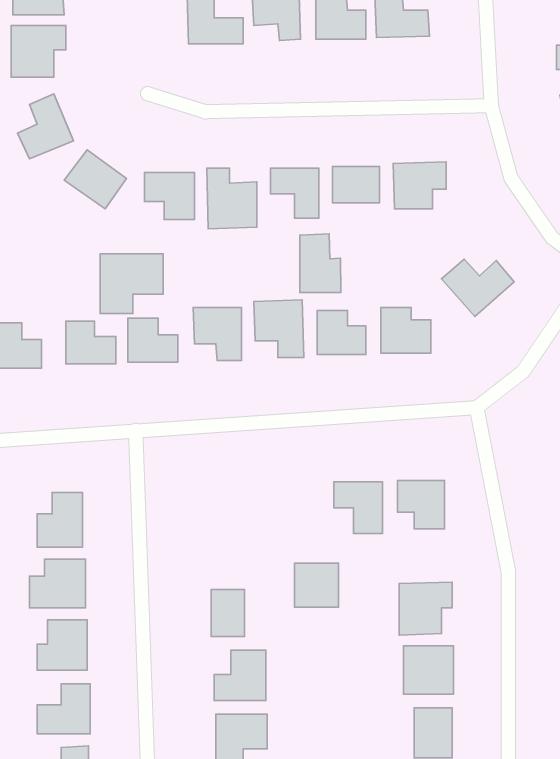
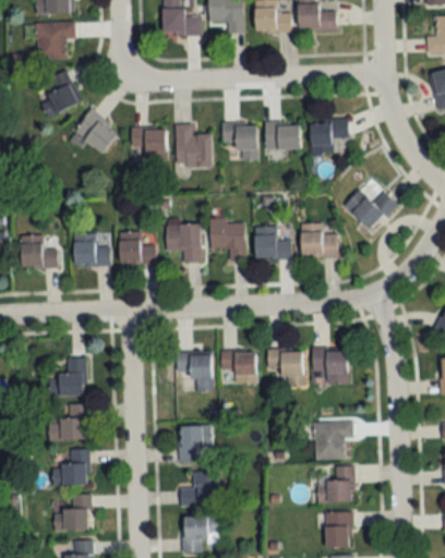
building: [300,234,341,293] -> none
building: [100,254,163,313] -> none
building: none -> [177,353,212,390]
building: [295,563,339,607] -> [224,352,255,384]

